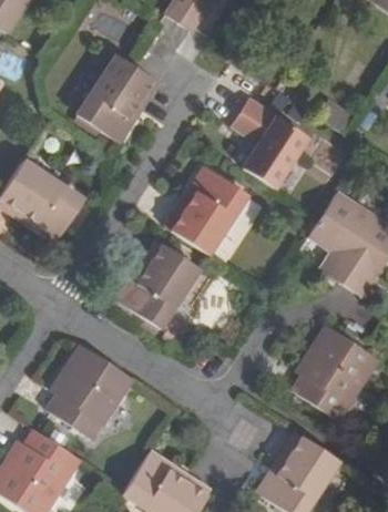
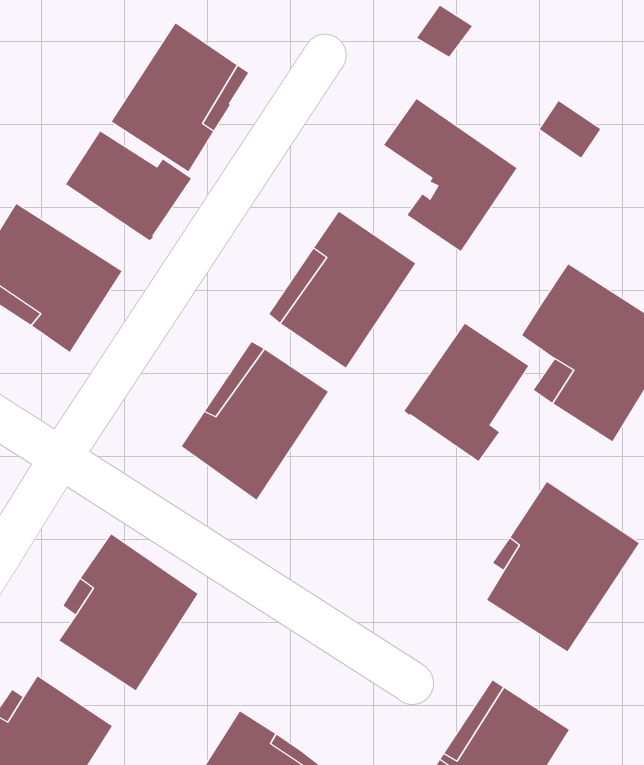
building: none -> [65,130,192,241]
building: none -> [404,323,529,462]

